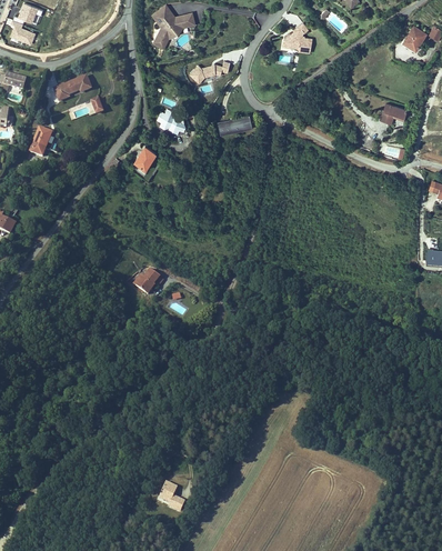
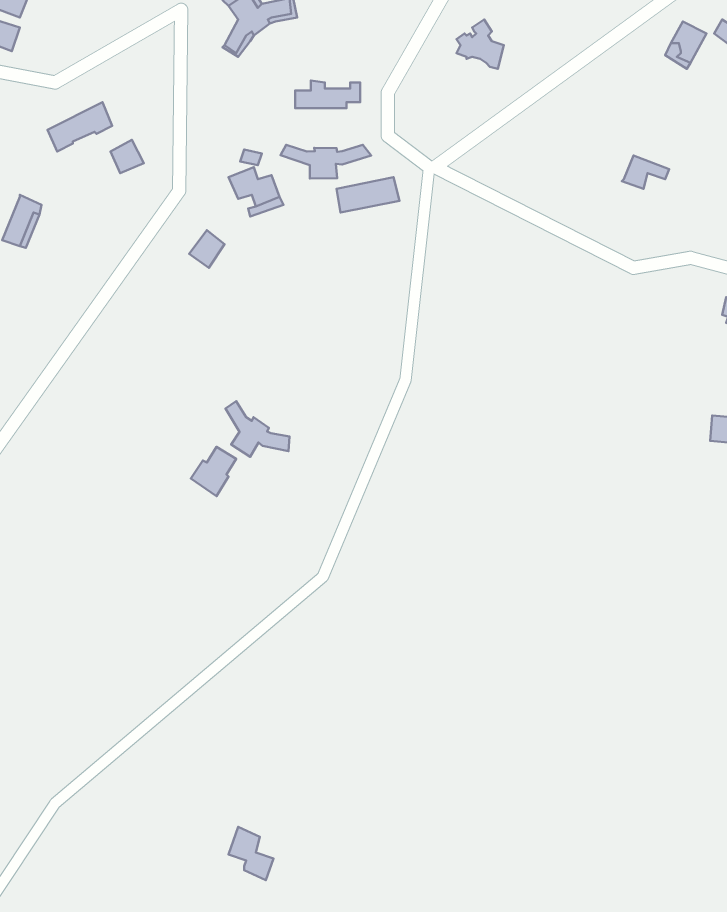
building: none -> [280,145,371,178]
building: none -> [225,401,289,457]

